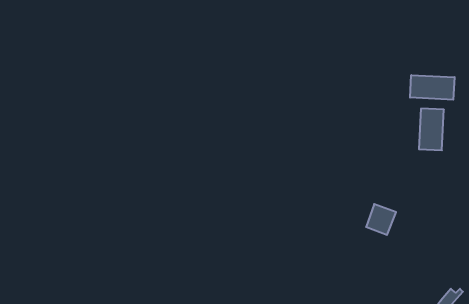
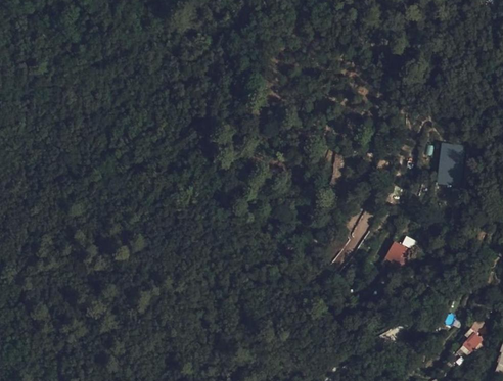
building: [410,75,455,100] -> none

